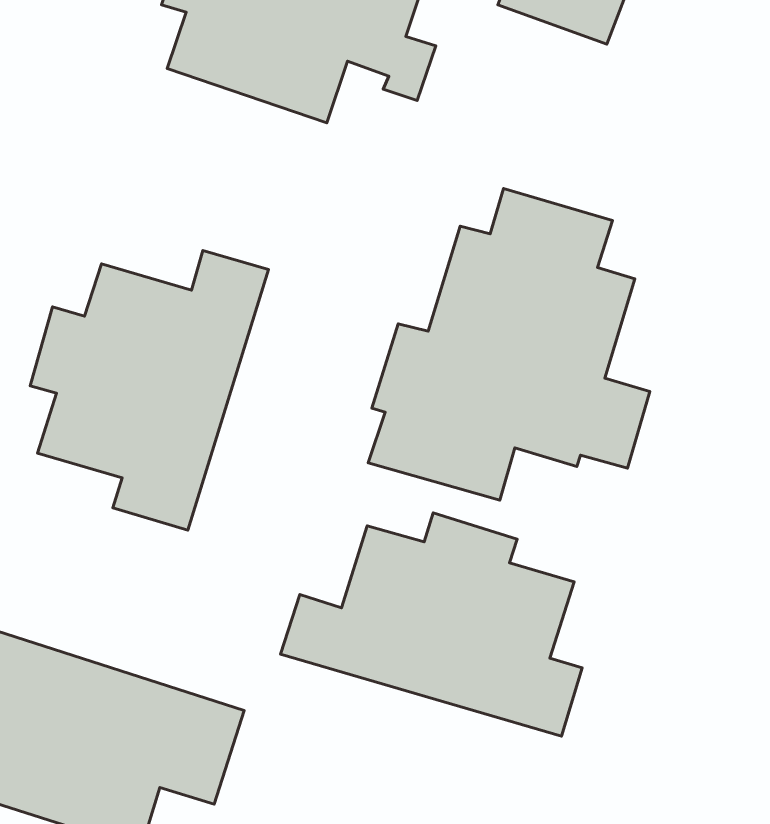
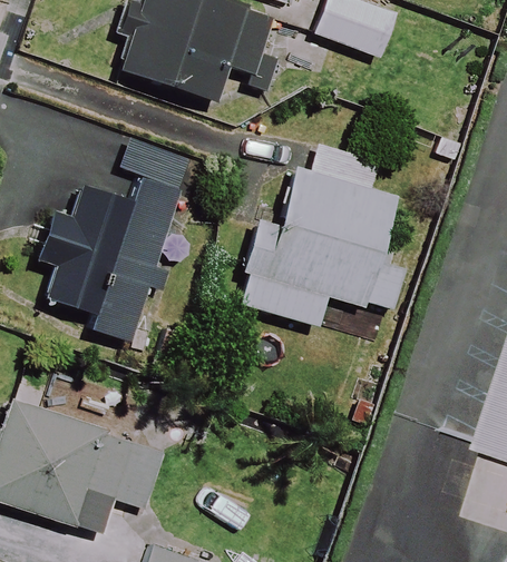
building: [281,513,582,736] -> none

